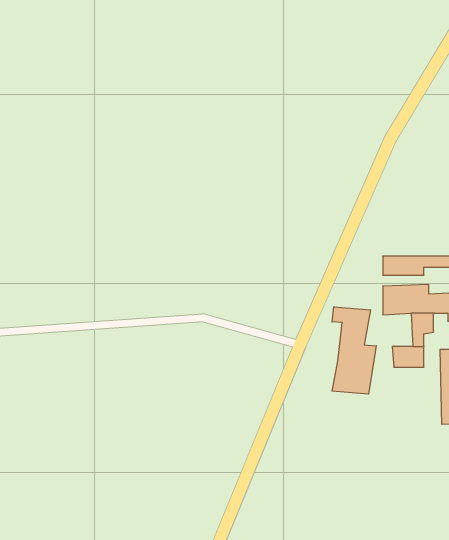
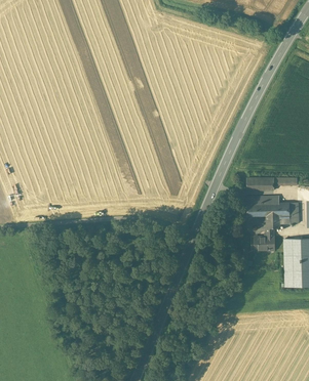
building: [332,307,376,394] -> none

